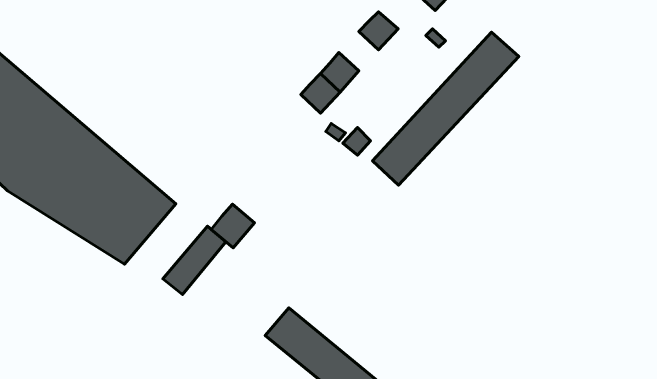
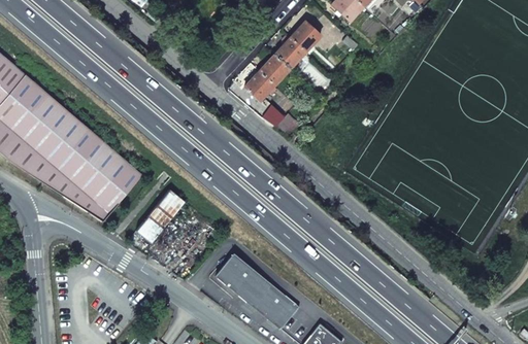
building: none -> [273,35,304,68]
building: [373,32,519,185] -> none
building: [211,204,254,248] -> none

